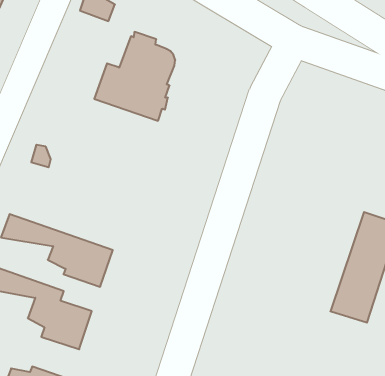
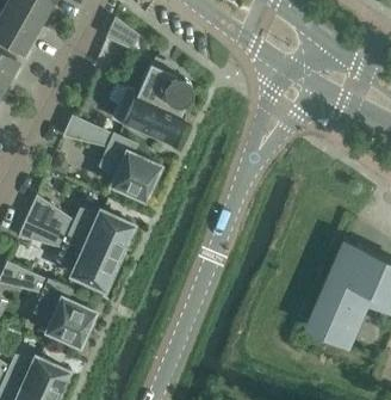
building: none -> [62,118,159,201]
building: none -> [26,197,132,259]

